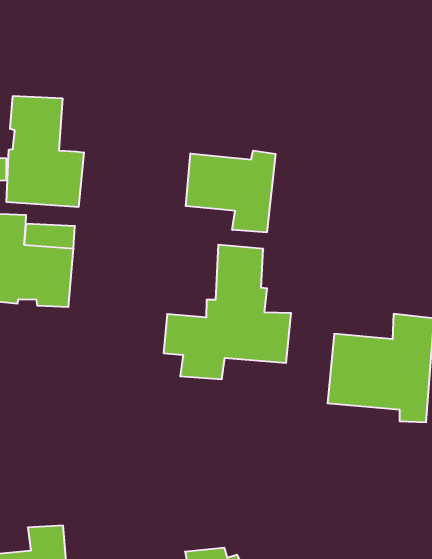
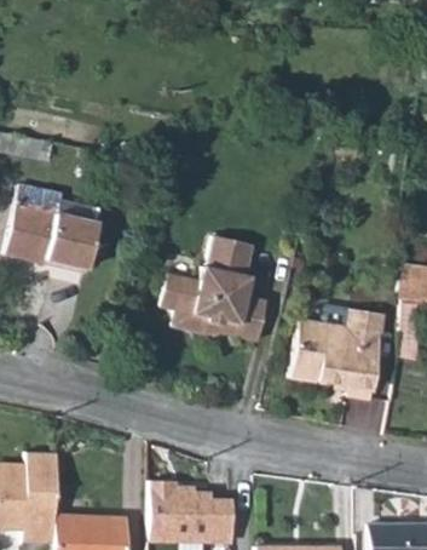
building: [7,96,84,207] -> none
building: [186,151,276,232] -> none

